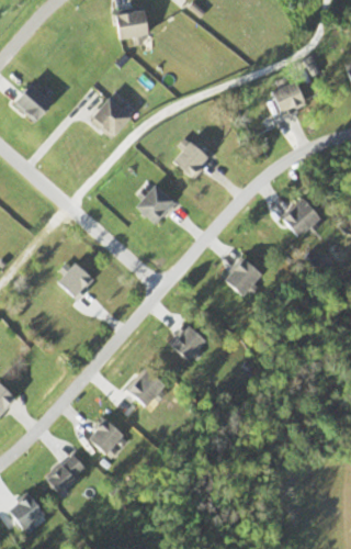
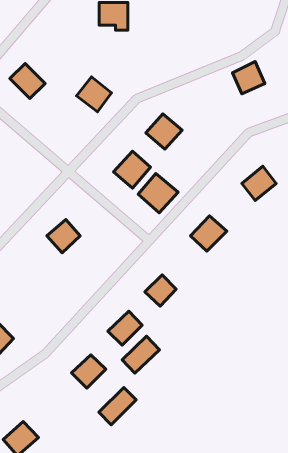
building: none -> [138,174,178,213]
building: none -> [122,336,159,373]
building: [45,452,88,495] -> [99,388,136,425]

